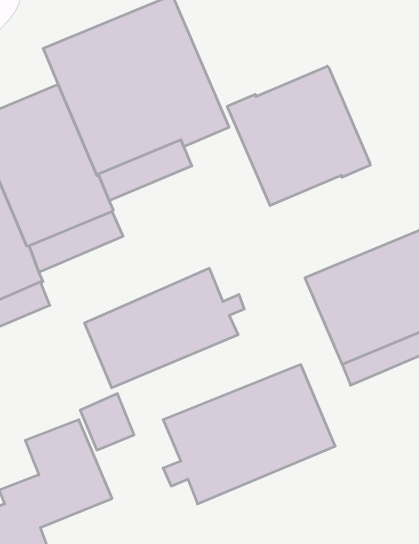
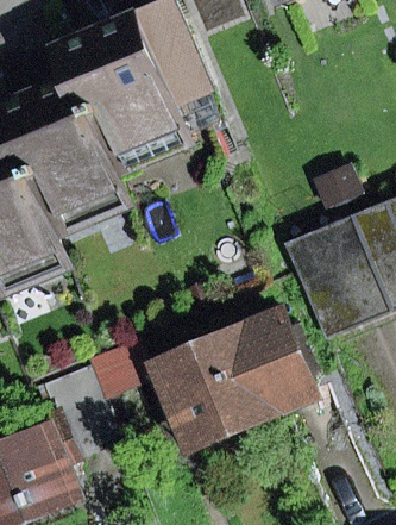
building: [227,66,370,206] -> none
building: [85,268,244,388] -> none

